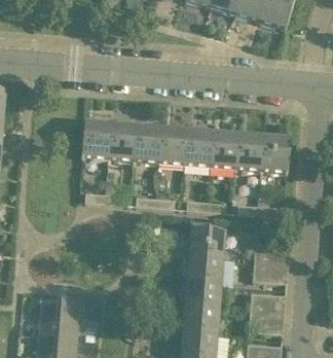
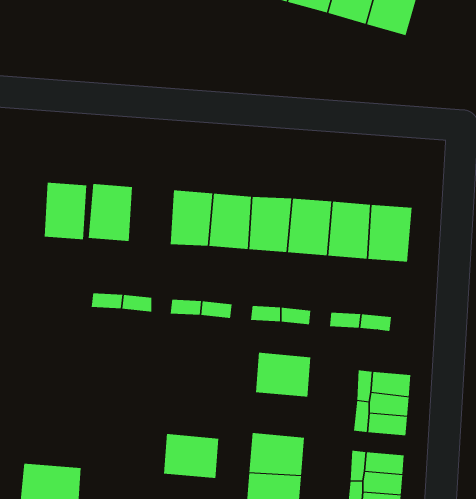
building: [109,123,137,160] -> [44,182,87,240]
building: [187,255,223,284] -> [163,434,219,478]

